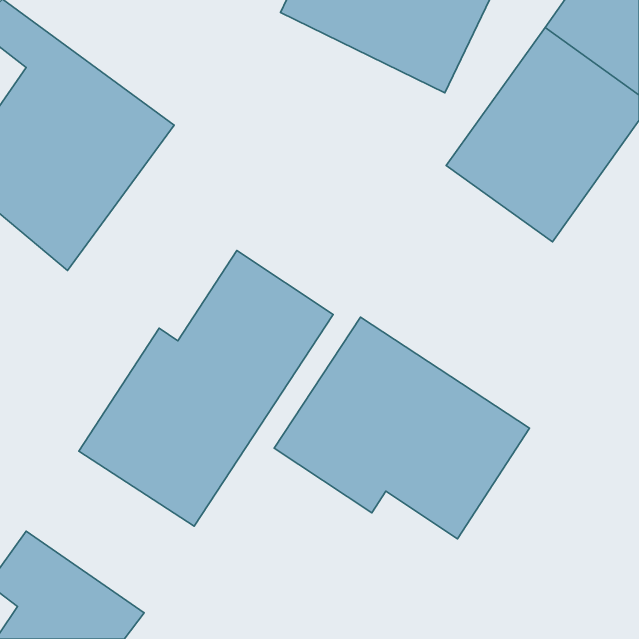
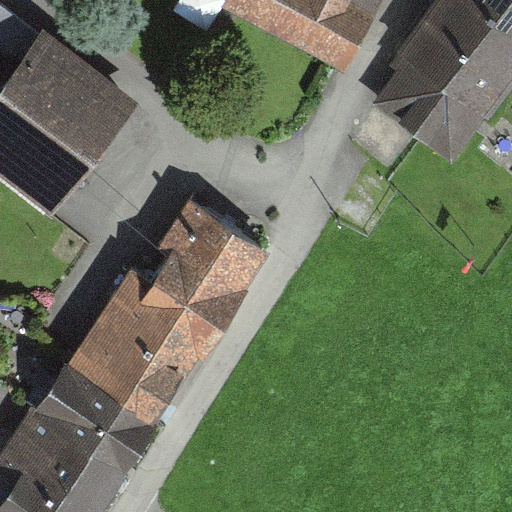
building: [274,317,530,539] -> none
building: none -> [20,361,155,486]

